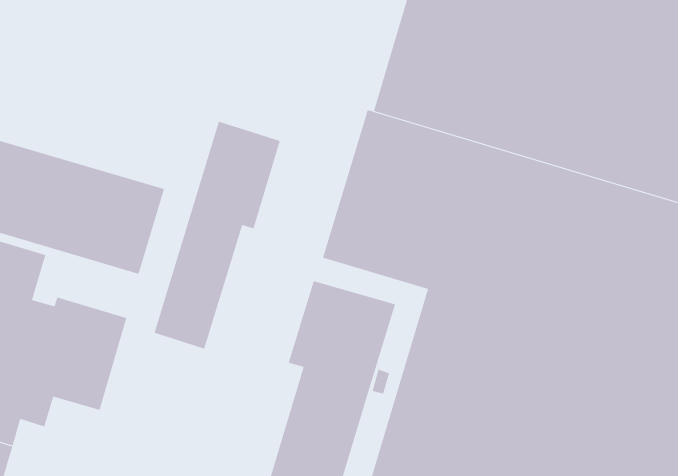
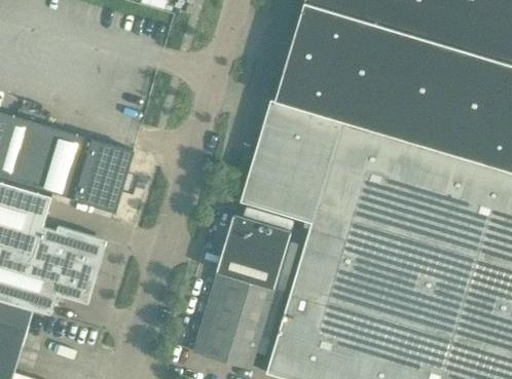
building: [154,121,280,349] -> none

